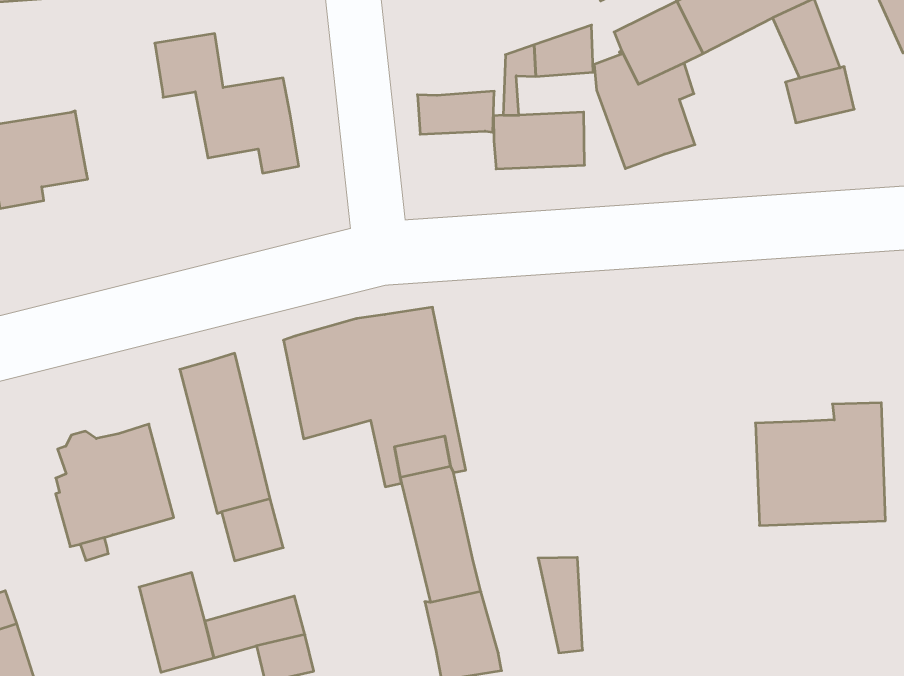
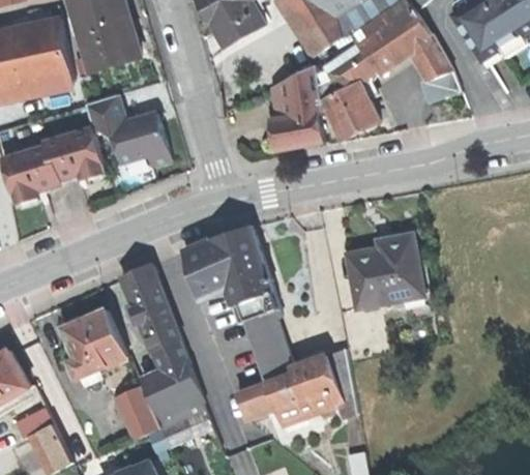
building: none -> [45,129,106,179]
building: [417,91,494,134] -> [278,90,321,118]
building: [755,403,885,525] -> [348,233,423,306]
building: none -> [142,363,198,408]
building: none -> [290,351,342,404]
building: none -> [236,382,276,418]

